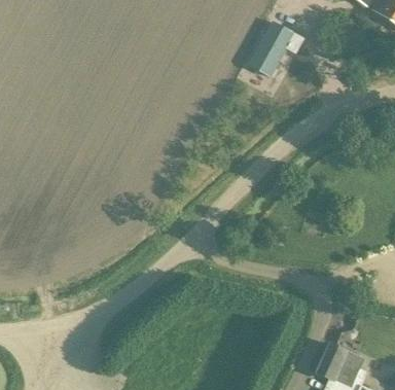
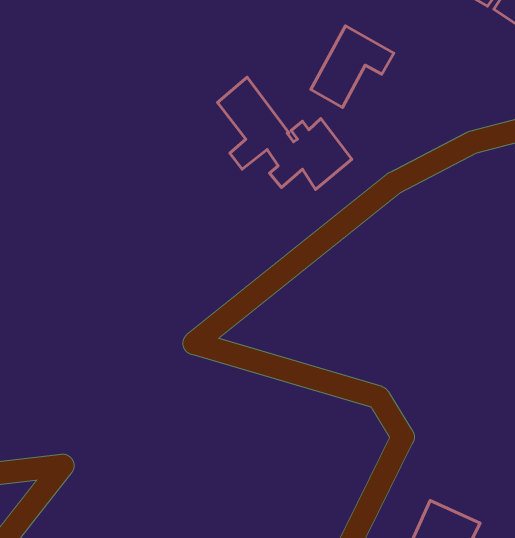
building: none -> [217,77,352,189]

